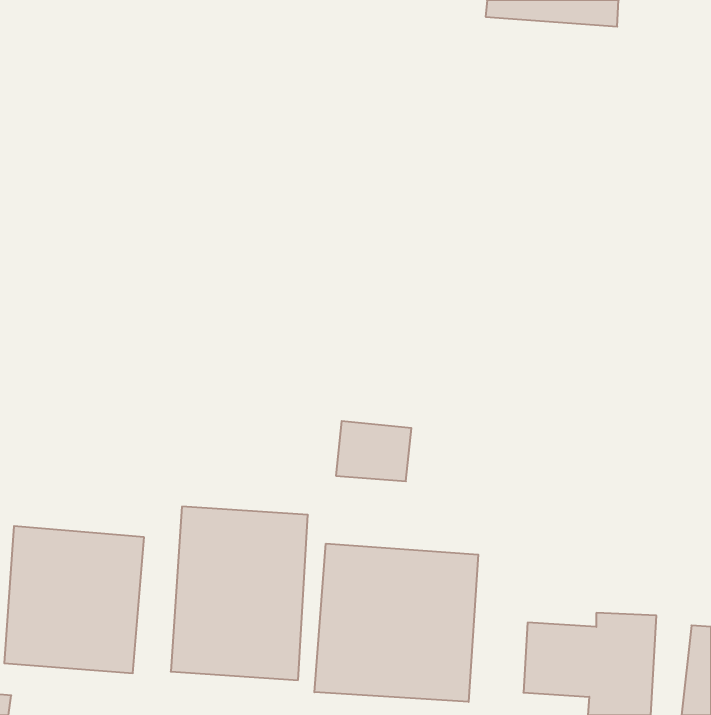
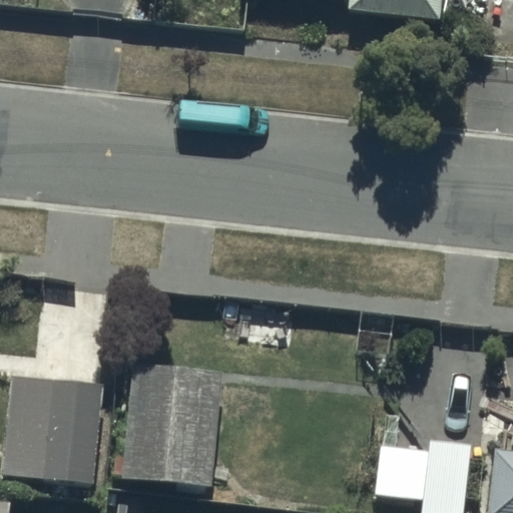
building: [314,544,478,702] -> none

